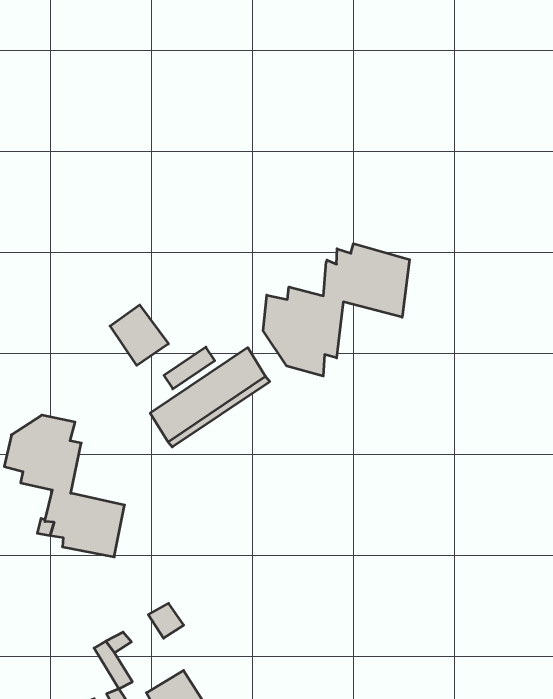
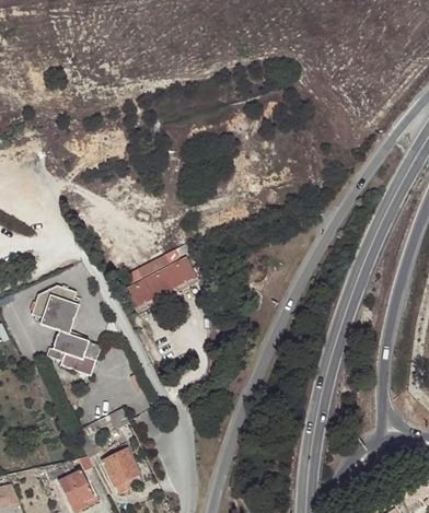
building: [263,244,410,376] -> none
building: [110,305,168,365] -> none

